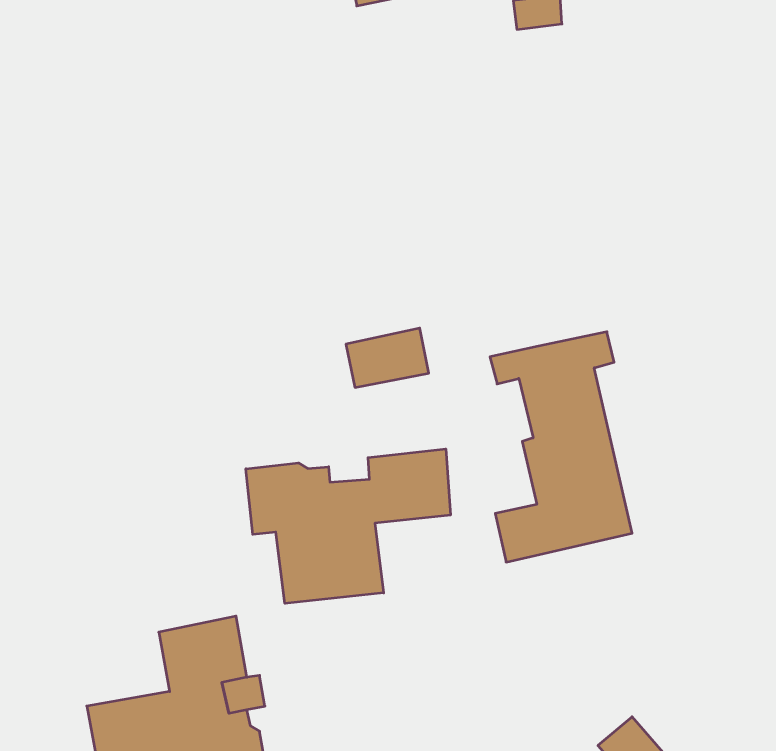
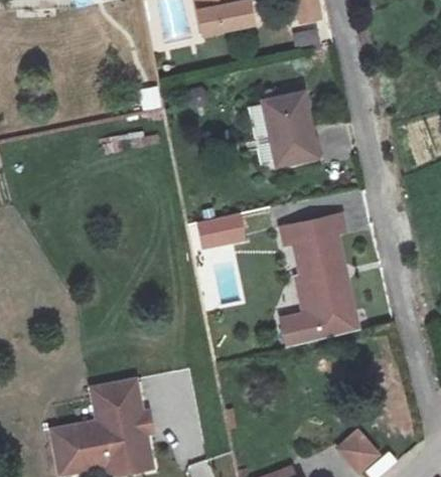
building: none -> [265,94,320,168]
building: [246,449,450,603] -> none

